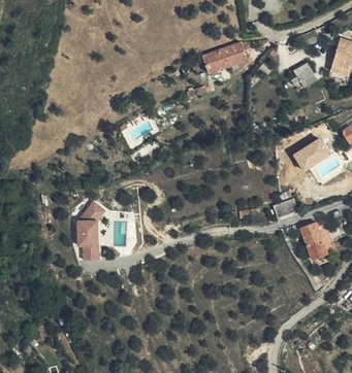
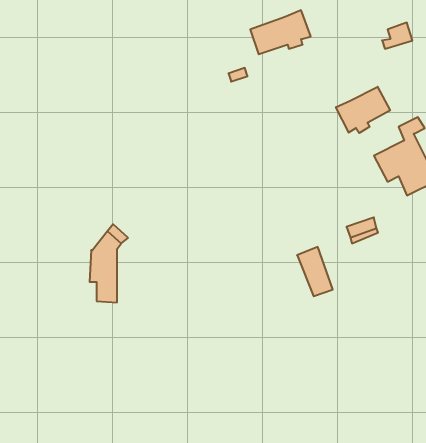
building: none -> [336,87,390,133]
building: [299,223,326,260] -> [297,247,333,296]

